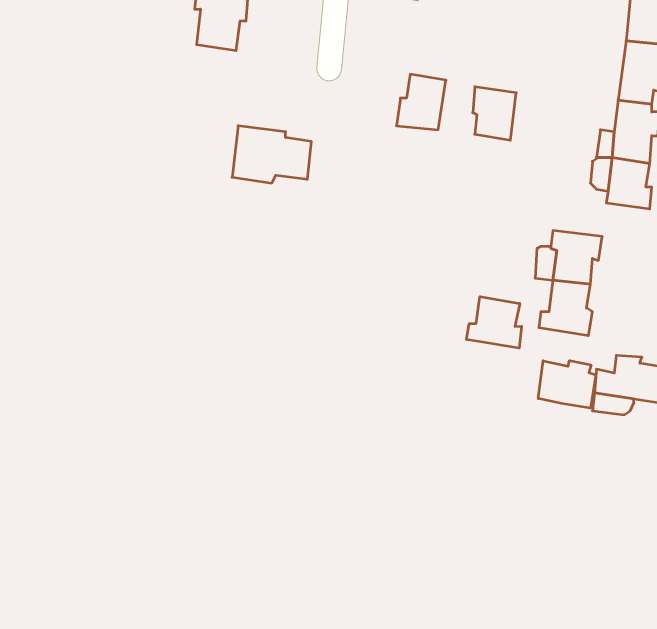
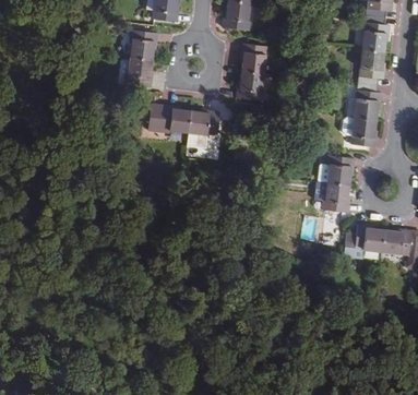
building: none -> [120,53,150,84]
building: [473,87,516,140] -> [243,44,267,73]
building: none -> [188,106,216,135]
building: [467,297,522,348] -> none
building: [538,361,596,408] -> none

